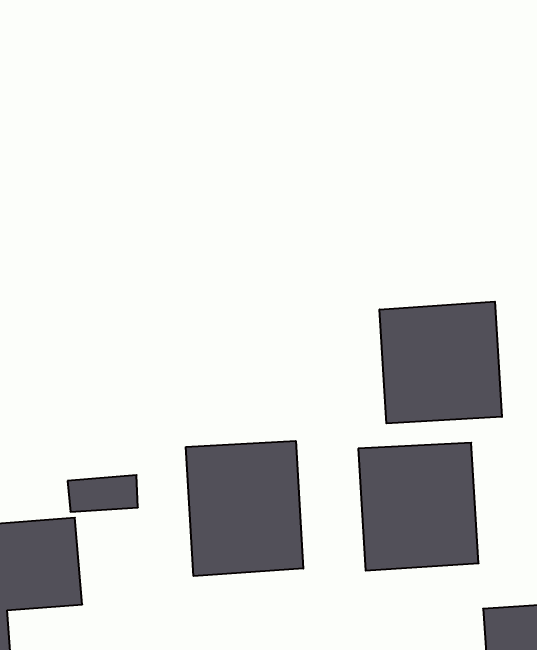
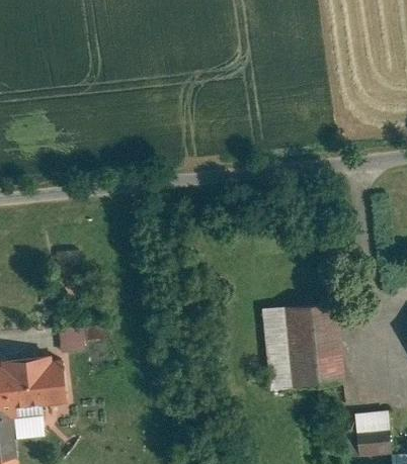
building: [380,302,502,423] -> none
building: [186,441,303,576] -> none

